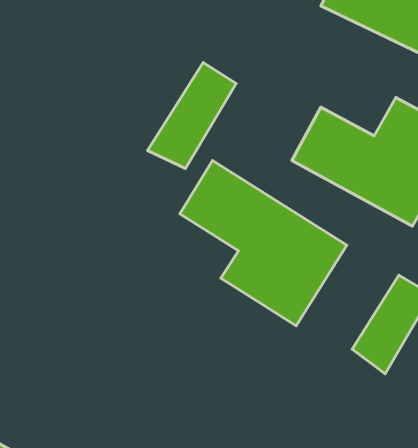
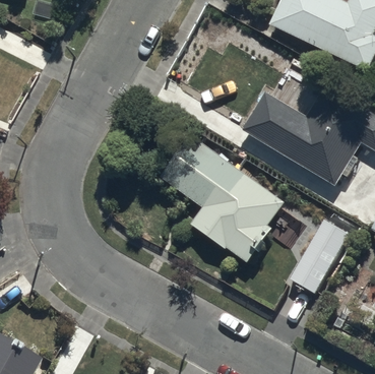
building: [148,62,236,168] -> none

